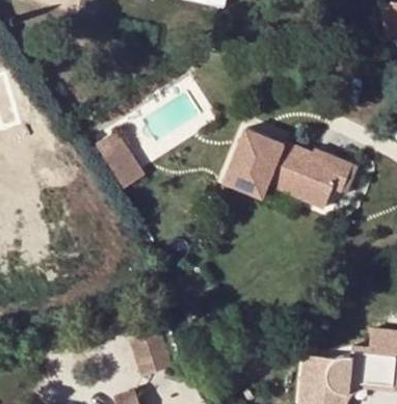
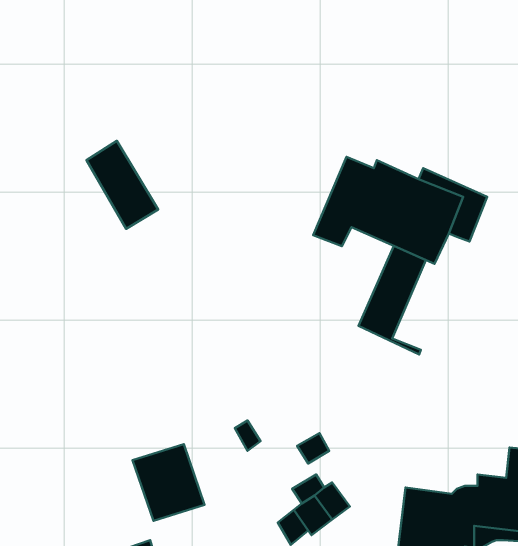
building: [221,131,265,201] -> [359,246,426,354]

